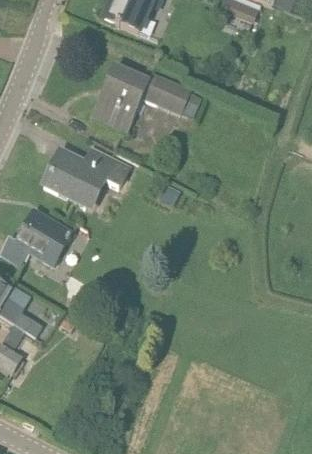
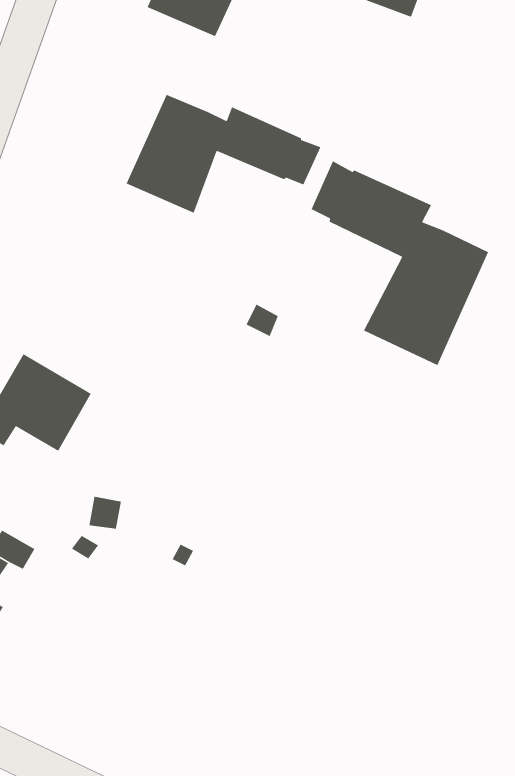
building: none -> [311,160,489,366]
building: [42,148,129,209] -> none

